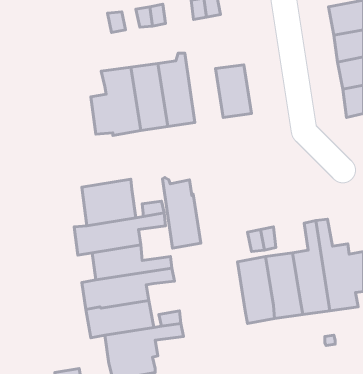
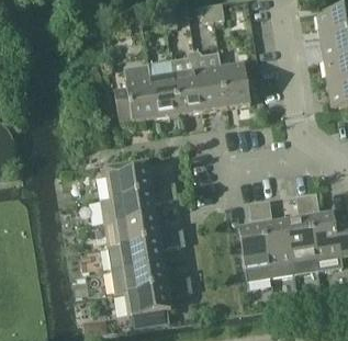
building: [162,177,201,248] -> [193,50,226,111]

